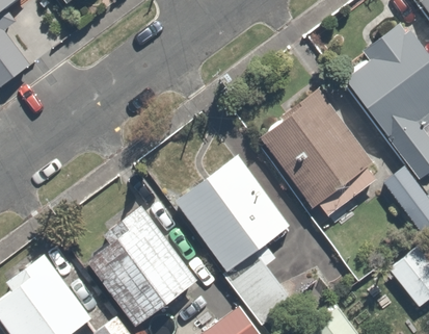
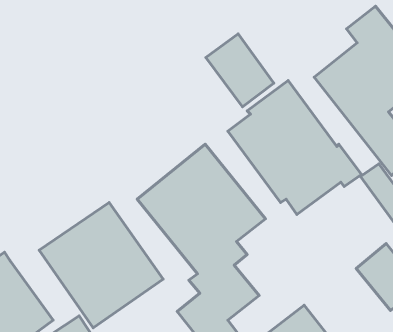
building: none -> [206,34,274,107]

